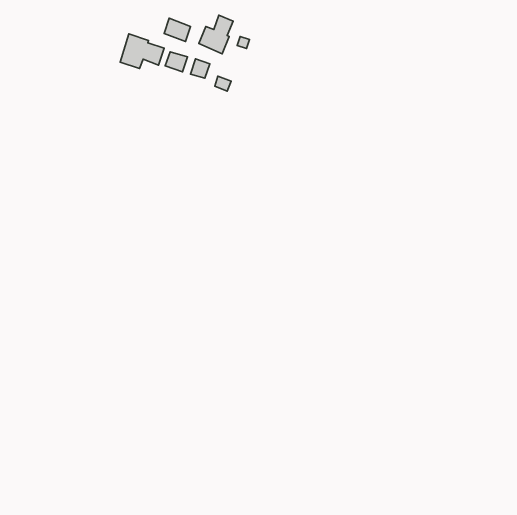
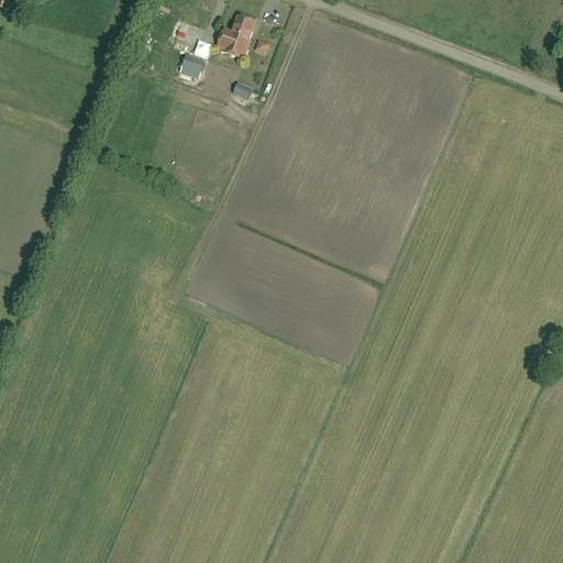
building: [120,34,164,69] -> none

